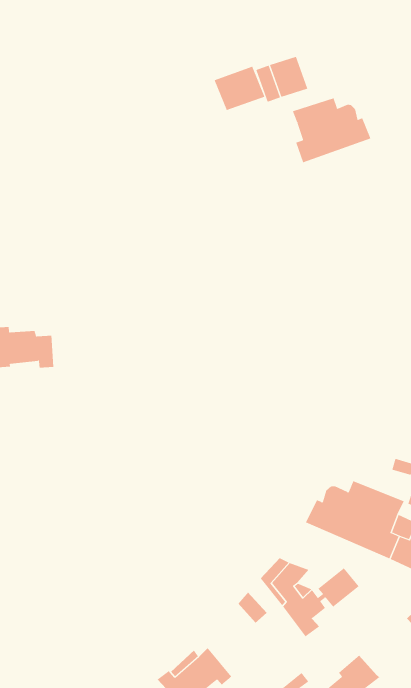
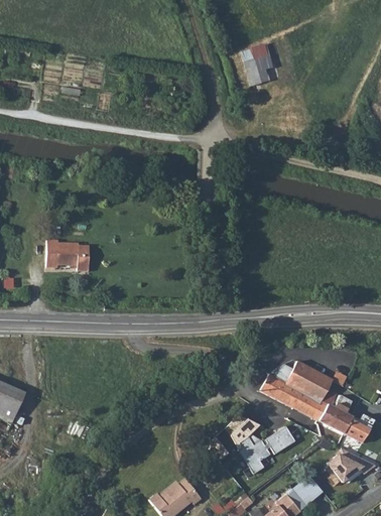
building: [214,66,265,111] -> none
building: [292,98,371,163] -> none
building: none -> [292,476,321,504]

